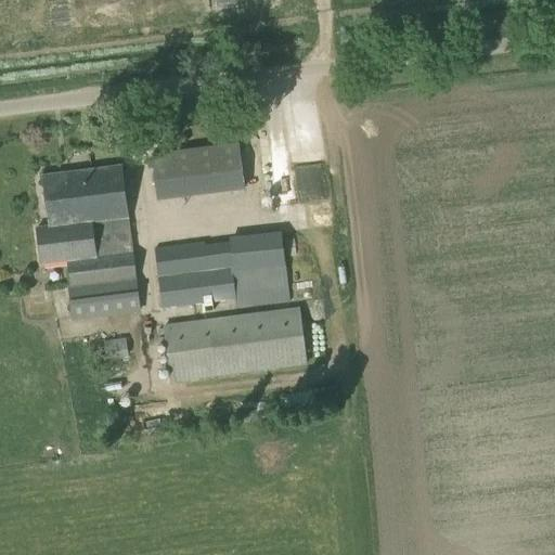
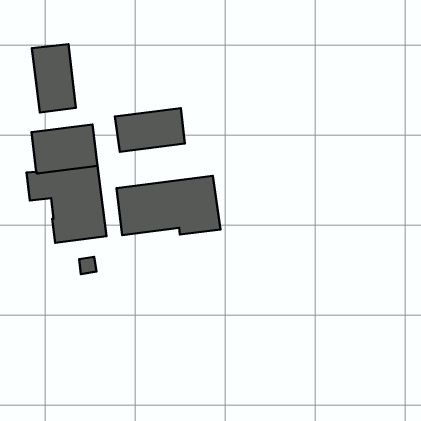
building: none -> [32,44,76,112]
building: [166,308,307,382] -> none

